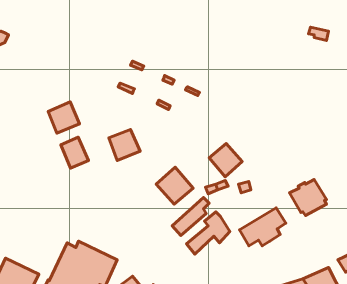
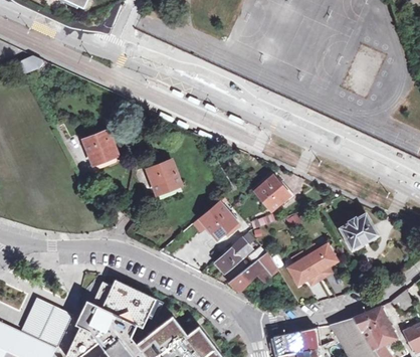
building: [61,137,89,168] -> none

